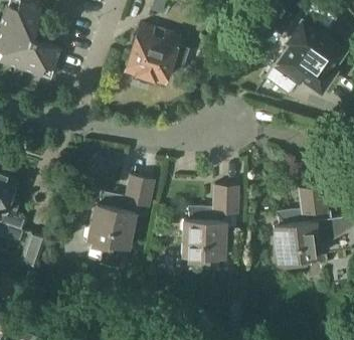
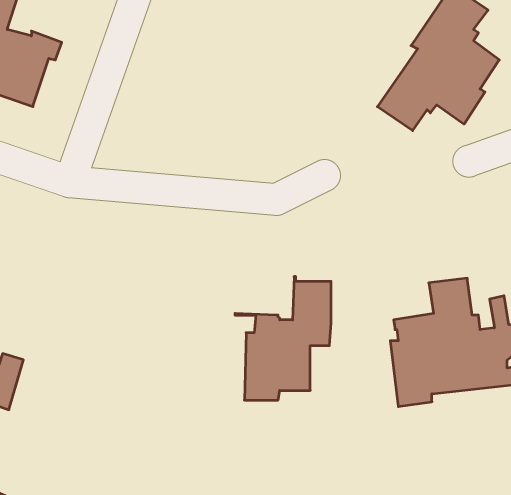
building: [126,24,189,81] -> none
building: [85,175,152,269] -> none

